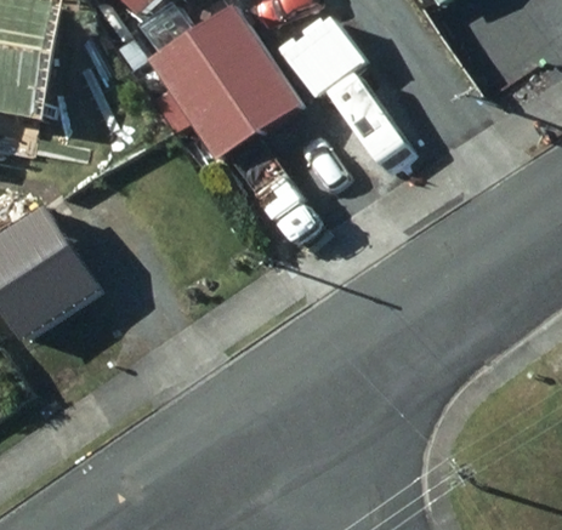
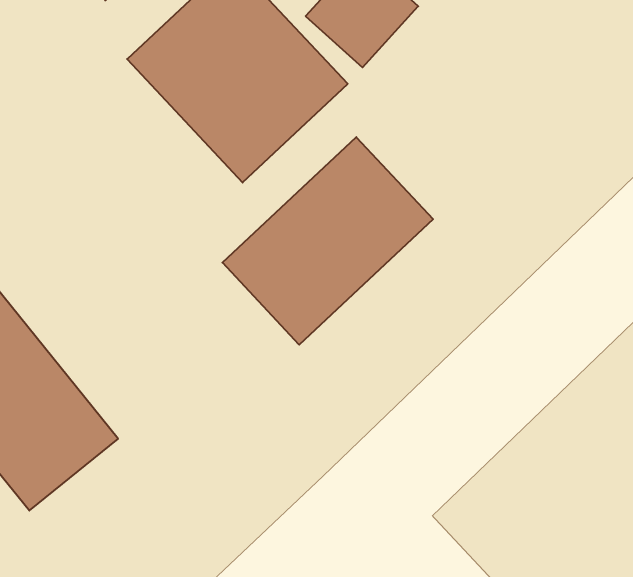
building: none -> [222,137,433,345]

